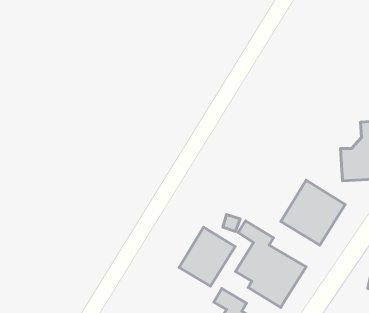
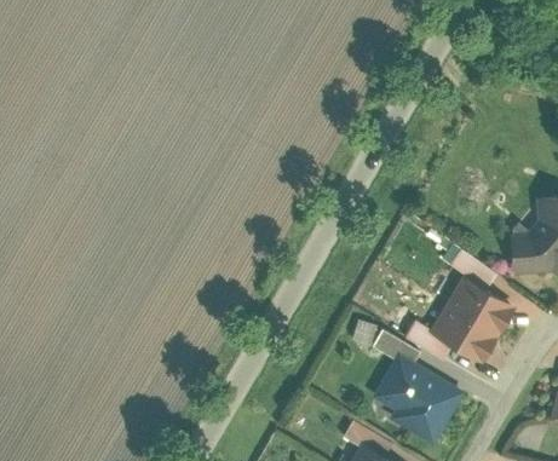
building: [179,227,235,286] -> none

